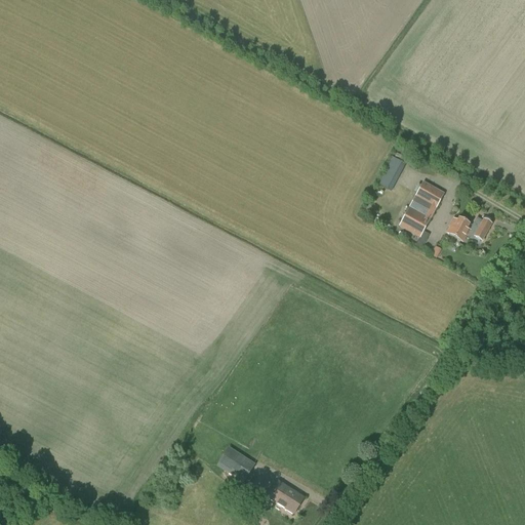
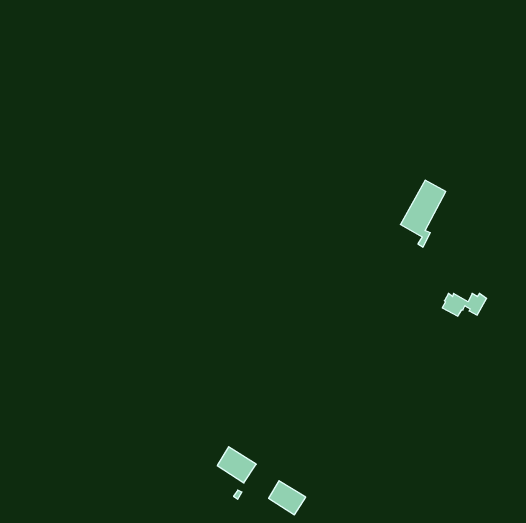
building: [377,155,405,190] -> none
building: [447,216,491,239] -> [442,293,487,316]

